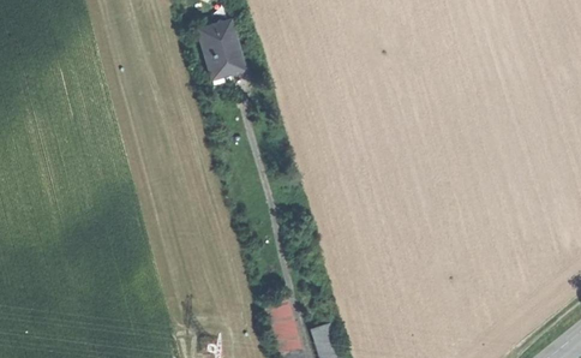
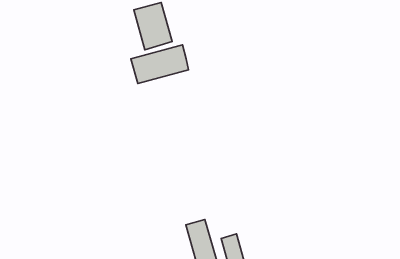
building: none -> [131,45,189,84]

